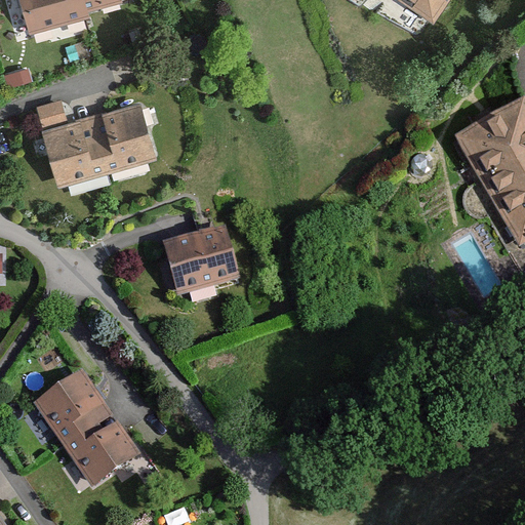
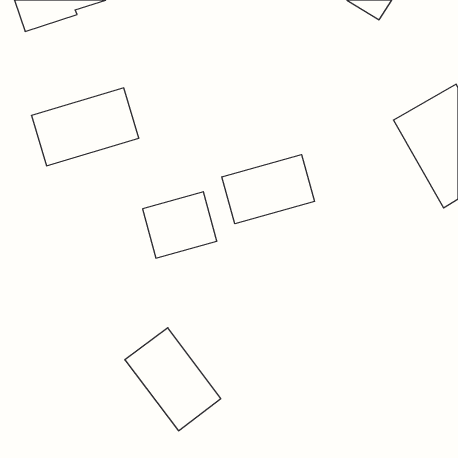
building: none -> [222,155,315,224]
building: [33,369,143,487] -> [125,328,221,431]

